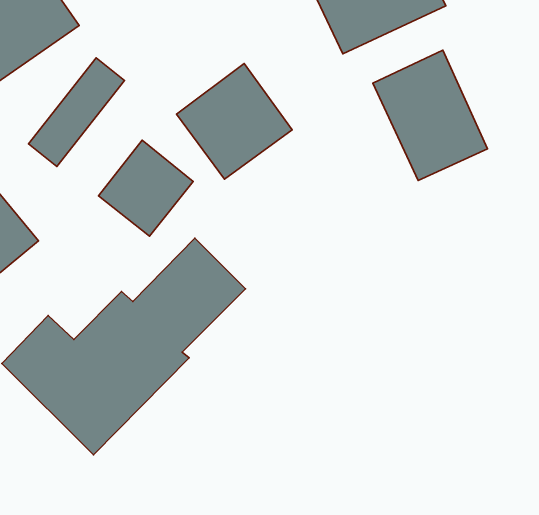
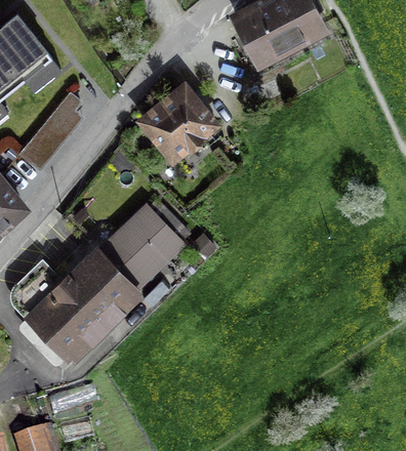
building: [373,50,488,180] -> none
building: [98,140,193,236] -> none

